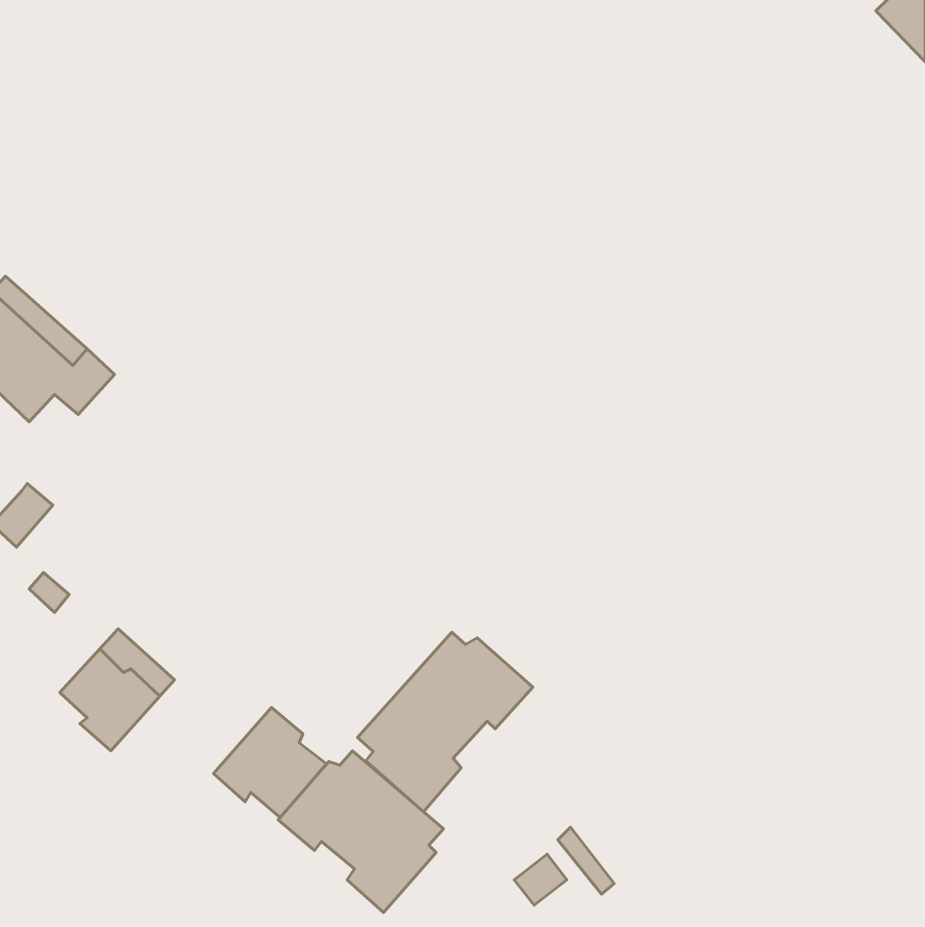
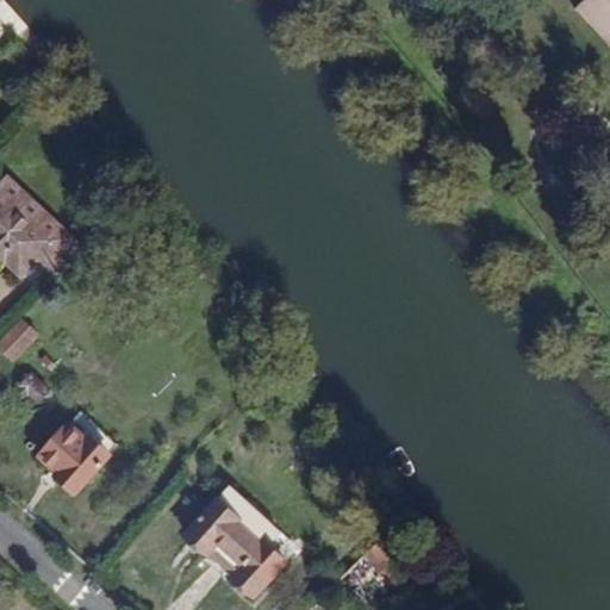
building: [357,632,533,812] -> none
building: [214,708,326,817] -> none

